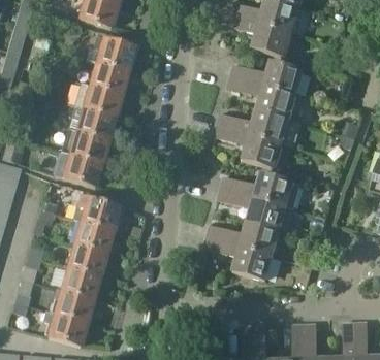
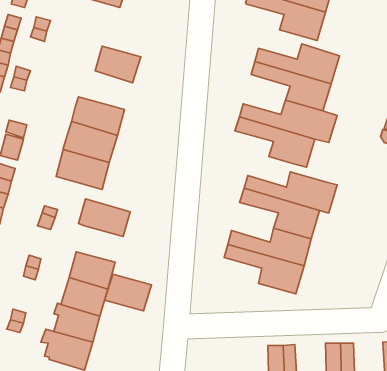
building: [87,36,136,70] -> none
building: [75,81,123,117] -> none
building: [73,219,115,251] -> [105,274,152,311]

